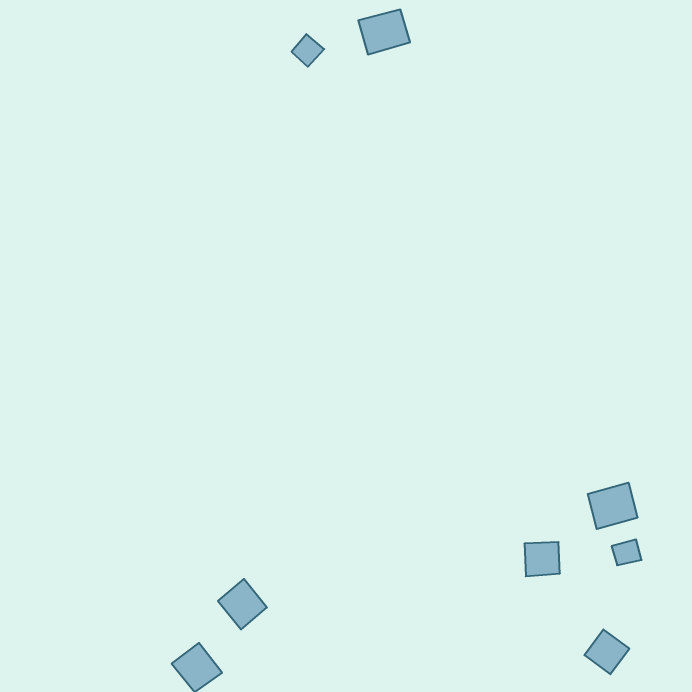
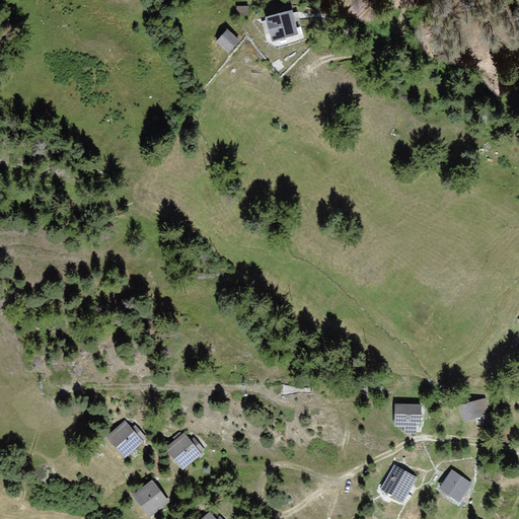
building: [588,483,637,529] -> none
building: none -> [106,420,144,457]
building: none -> [377,464,416,505]

